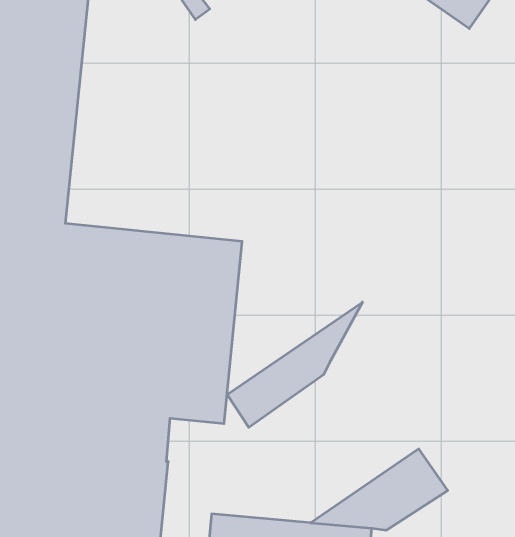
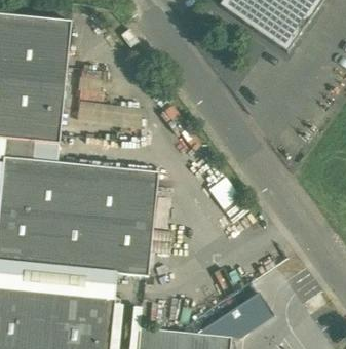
building: [227,302,362,427] -> none

